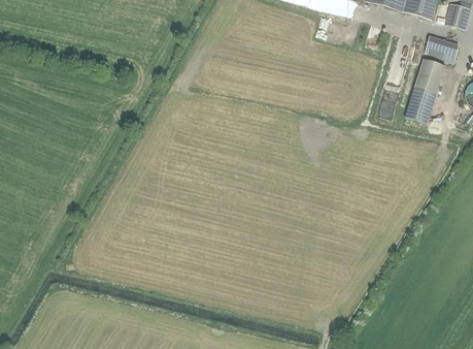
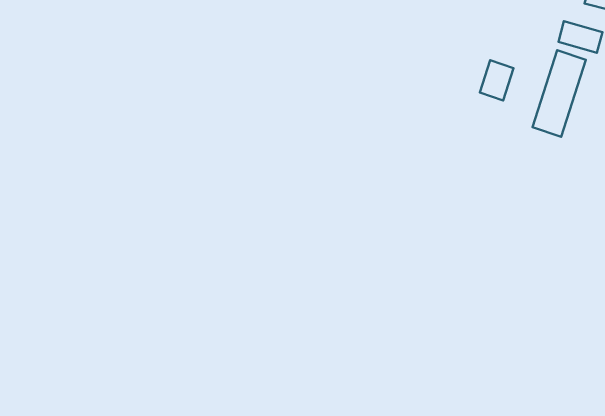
building: none -> [480,60,514,101]

